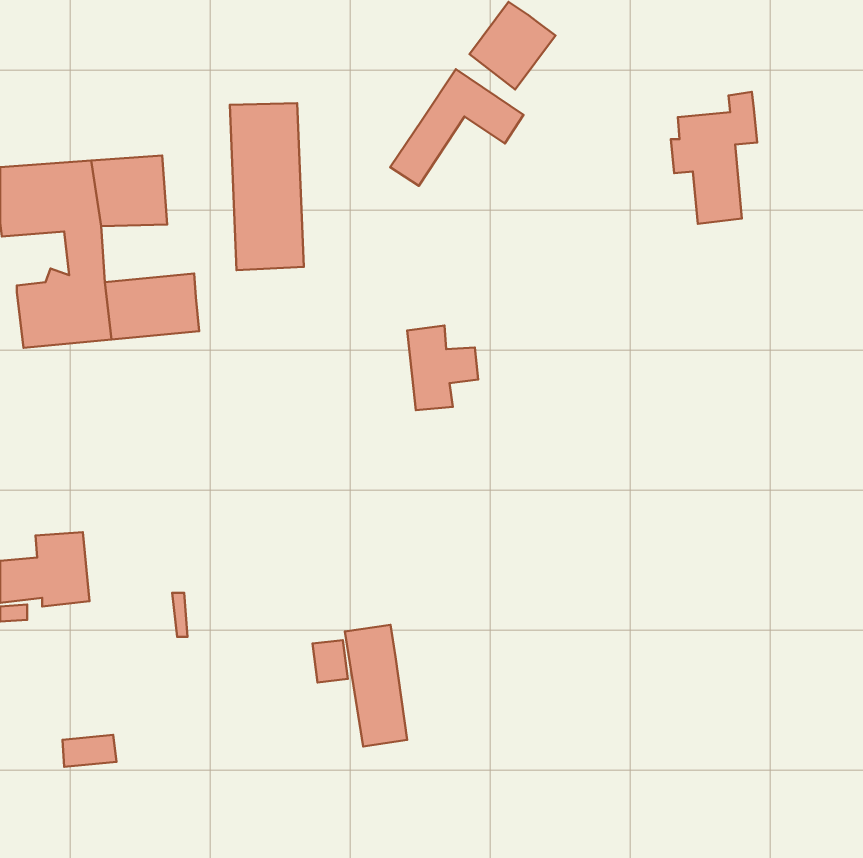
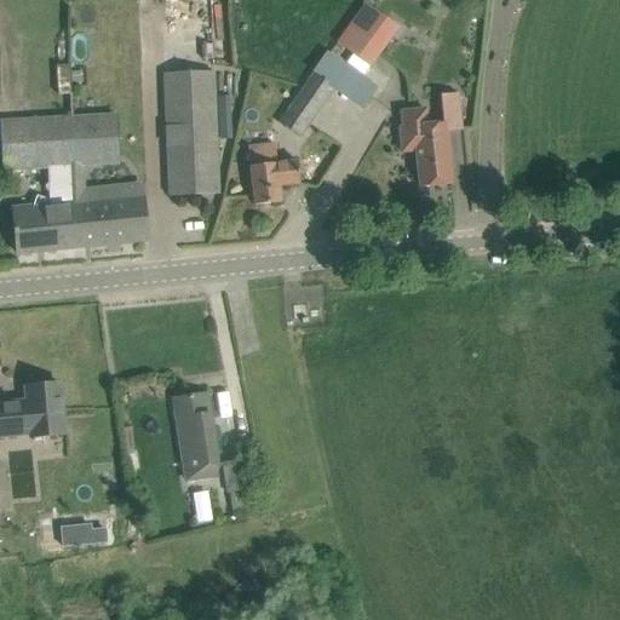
building: [671,92,757,224] -> [400,91,461,185]
building: [407,326,478,410] -> [248,142,299,202]
building: [345,625,407,746] -> [173,391,218,478]

